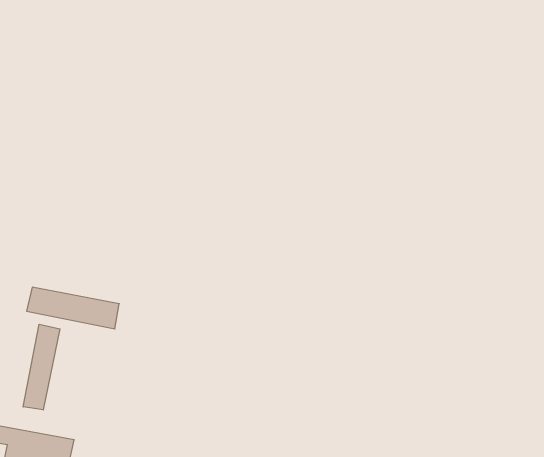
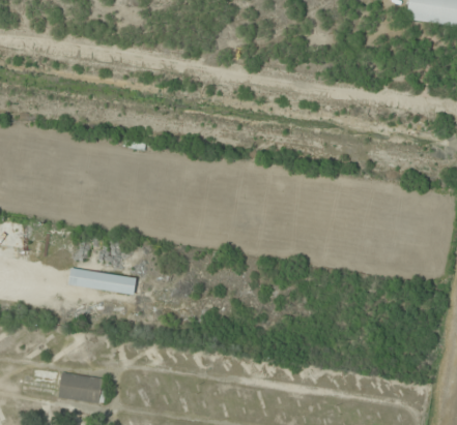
building: [23,324,60,410] -> none

